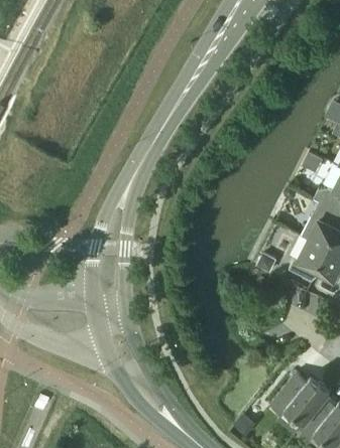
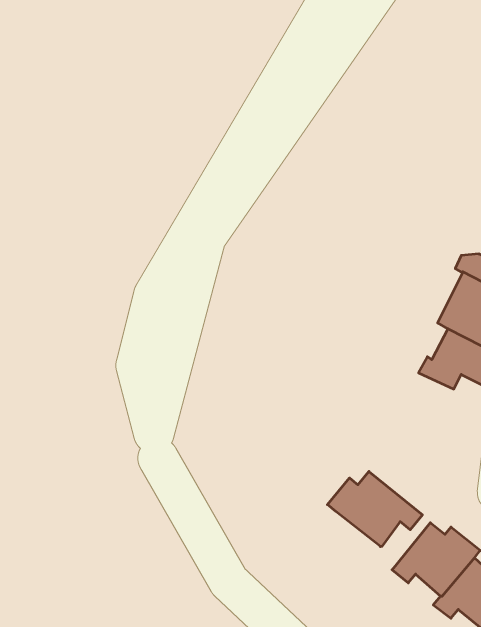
building: none -> [327,471,422,547]

